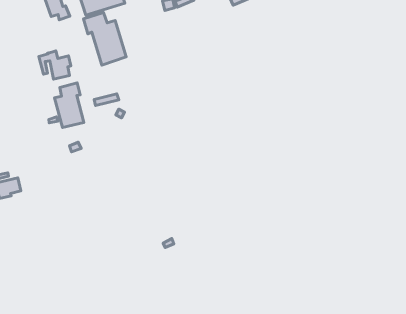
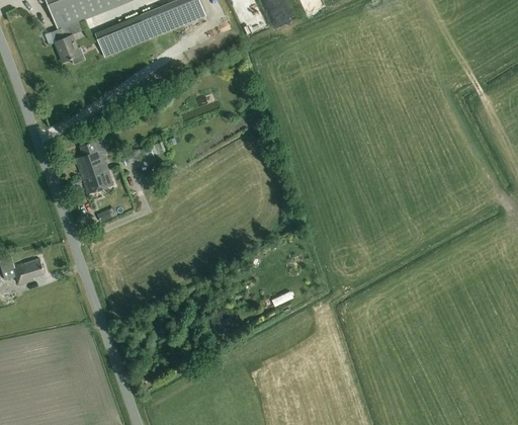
building: [83,13,126,65] -> none
building: [39,51,71,79] -> none

